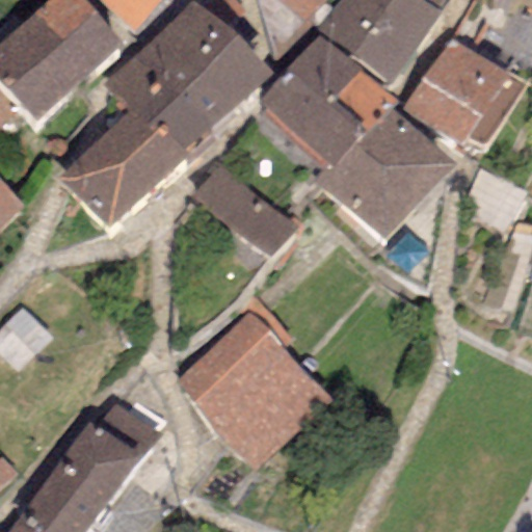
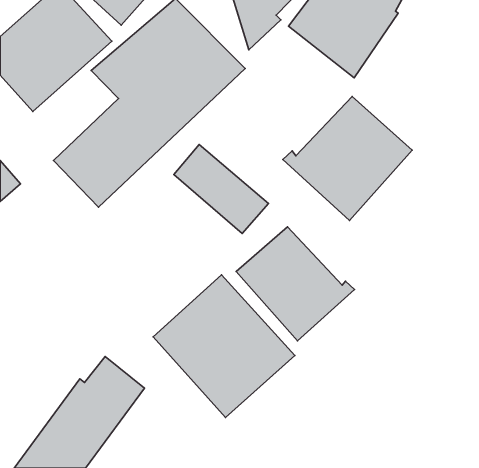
building: [256,34,396,172] -> none
building: [403,34,508,143] -> none
building: none -> [236,227,354,341]

